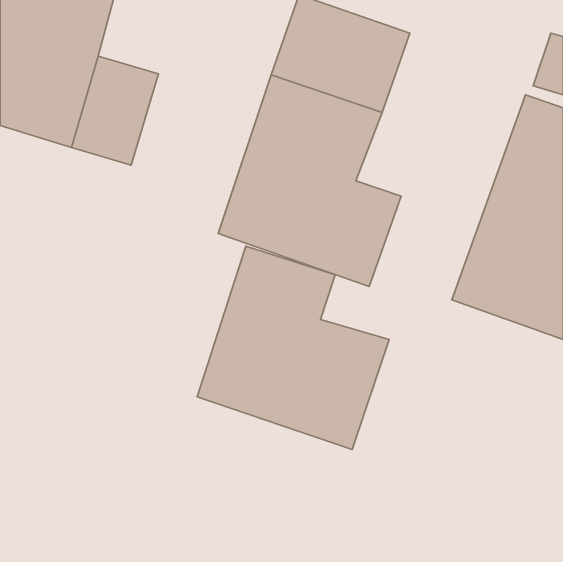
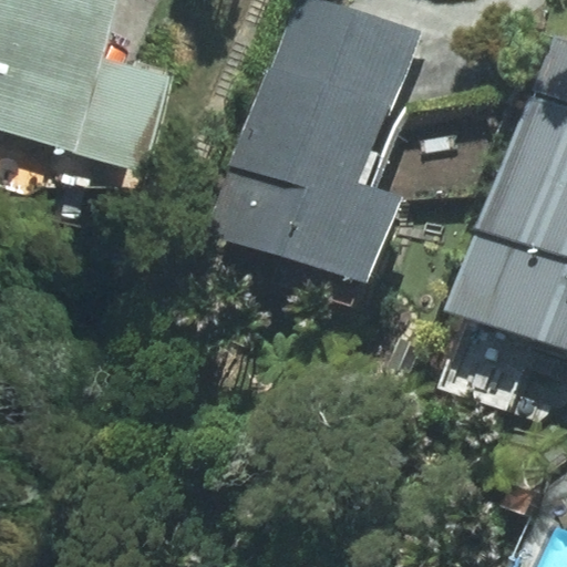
building: [197,246,389,450] -> none

